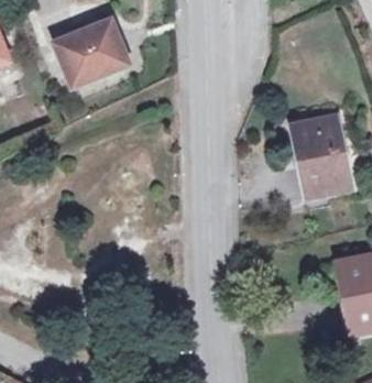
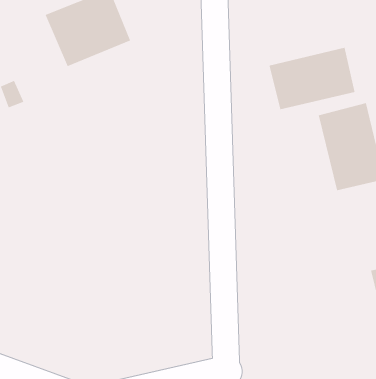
building: none -> [269,47,355,110]

